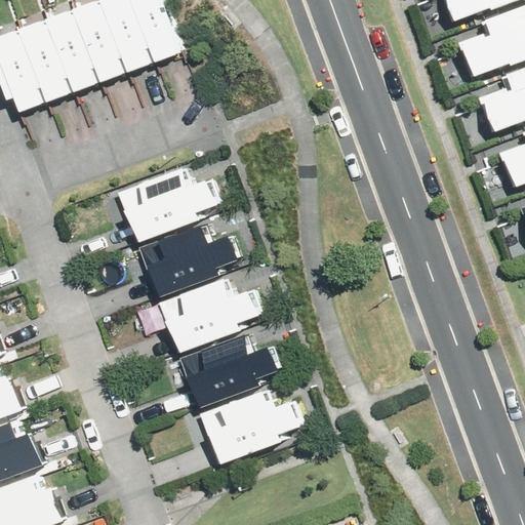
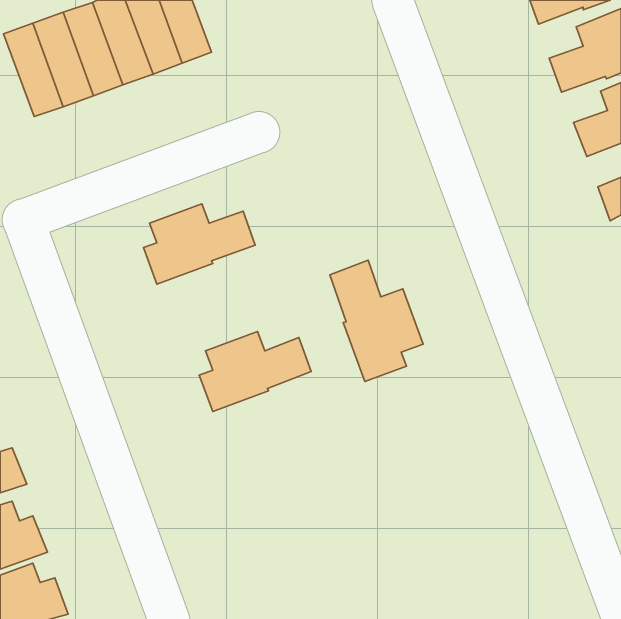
building: none -> [330,260,423,382]
building: [142,227,236,294] -> none
building: [183,338,277,406] -> none
building: [207,391,302,458] -> none

